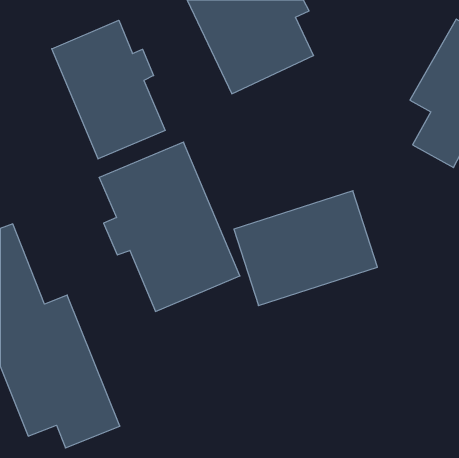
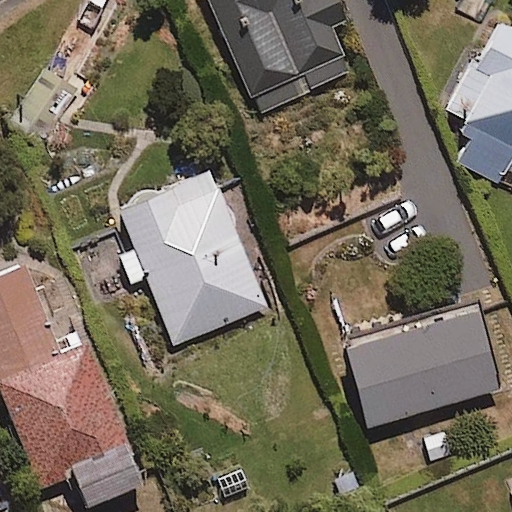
building: [52,20,165,159] -> none
building: [234,191,377,306] -> [339,301,497,427]

